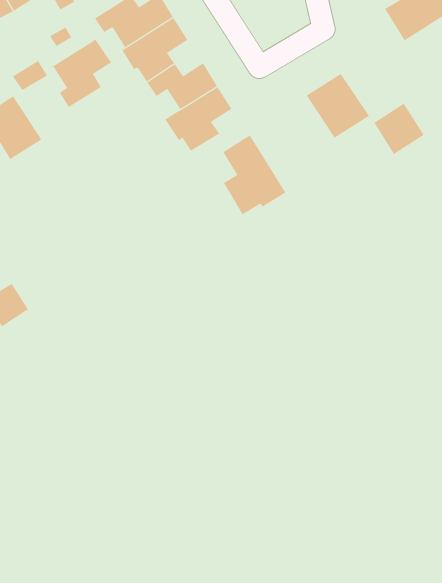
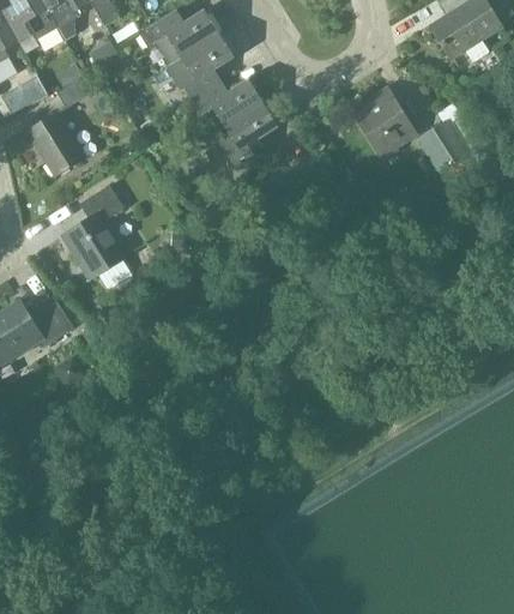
building: [49,39,112,108] -> none
building: [223,135,286,215] -> none
building: none -> [64,185,128,279]

